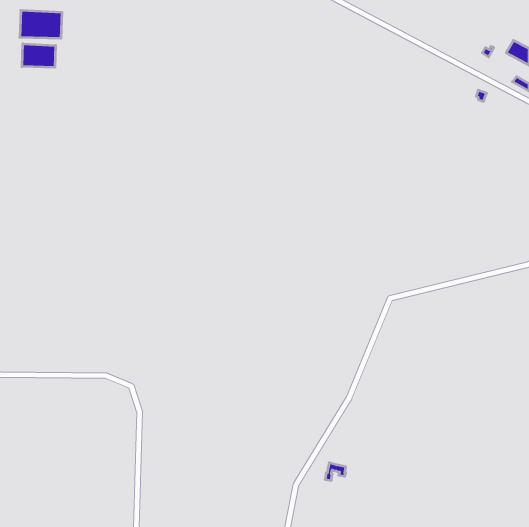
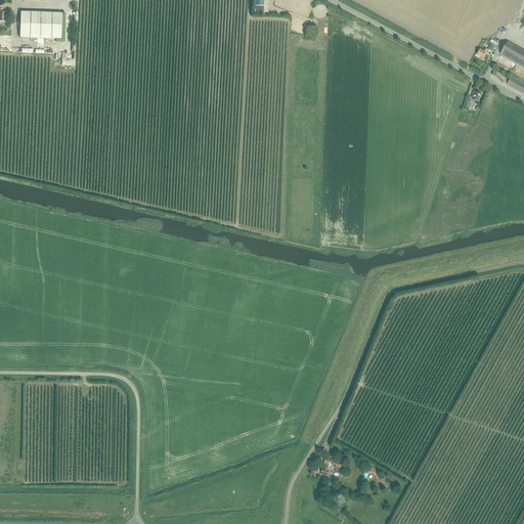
building: [22,44,56,67] -> none

